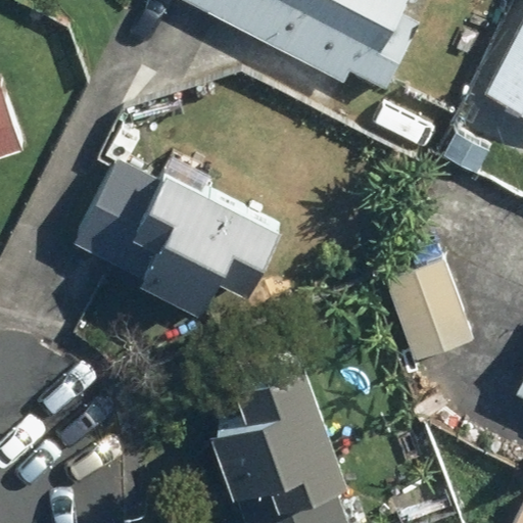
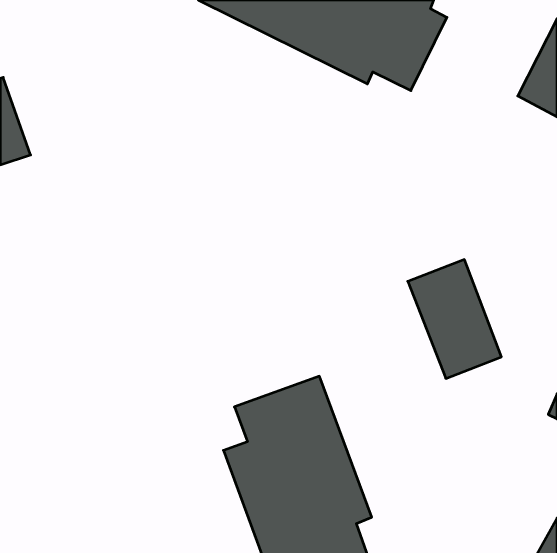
building: [77,158,276,305] -> none

